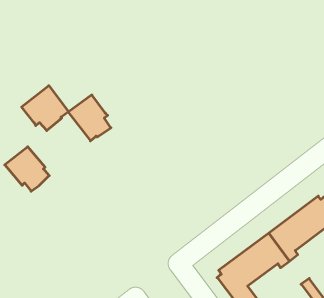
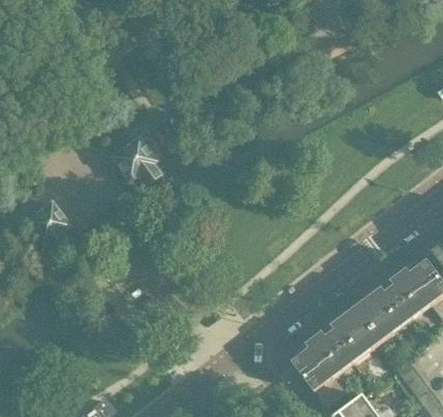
building: [22,86,68,131] -> none

